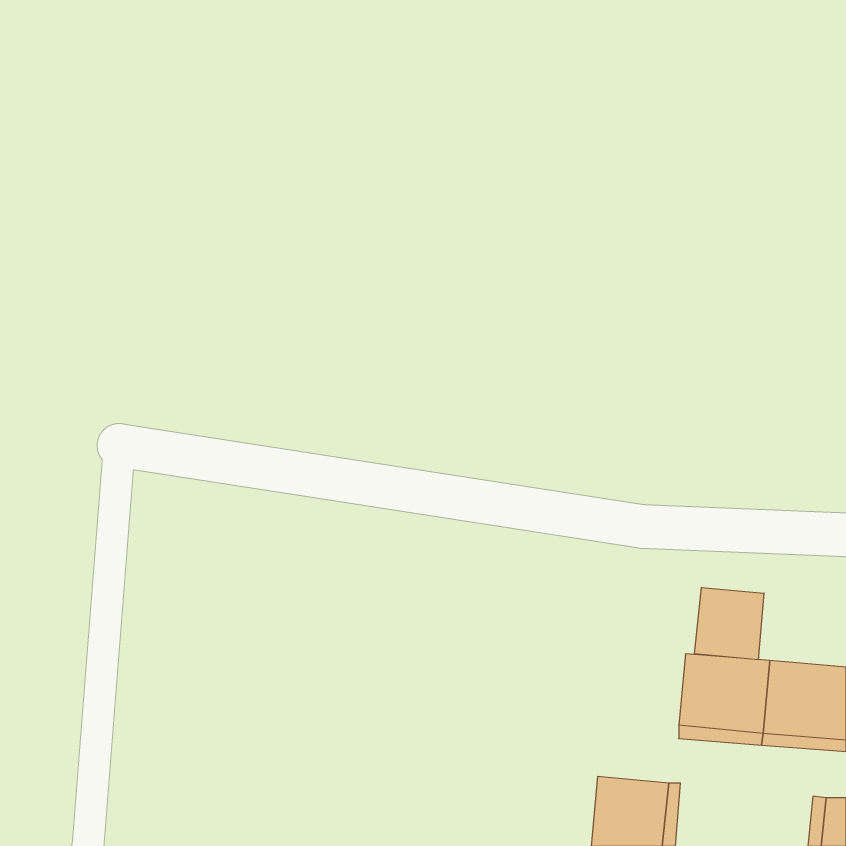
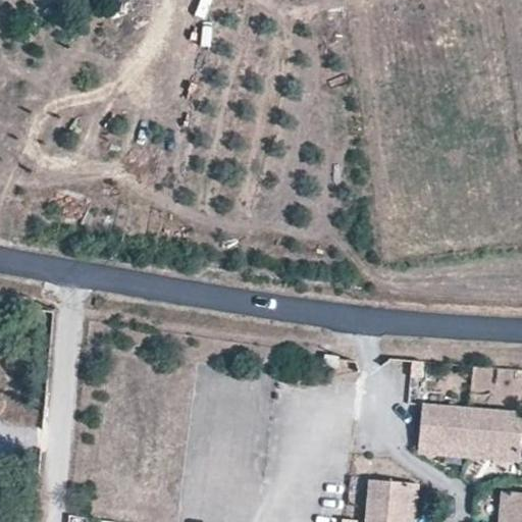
building: [695,587,764,660] -> none

